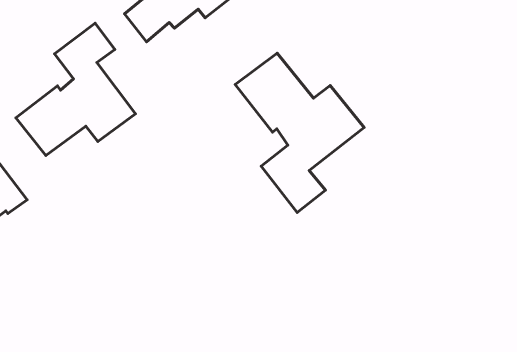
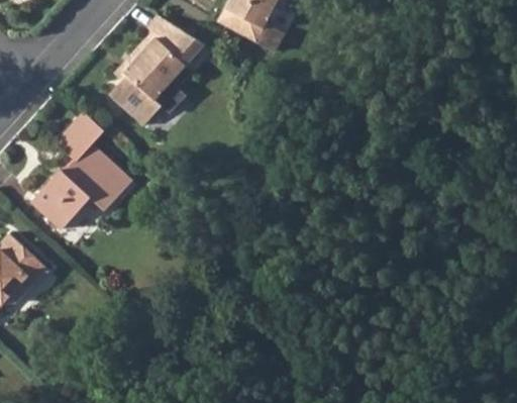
building: [235,53,364,212] -> none

